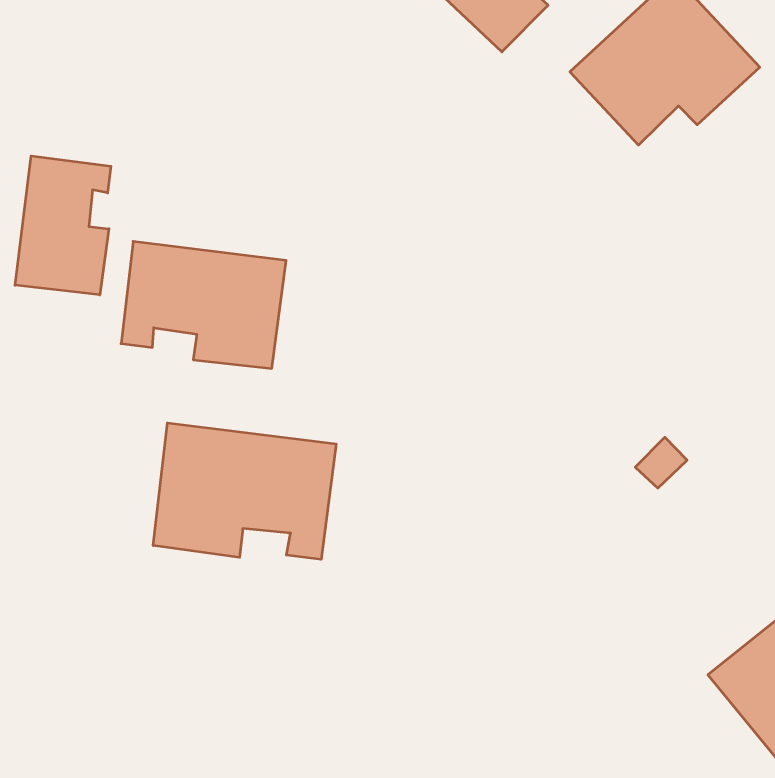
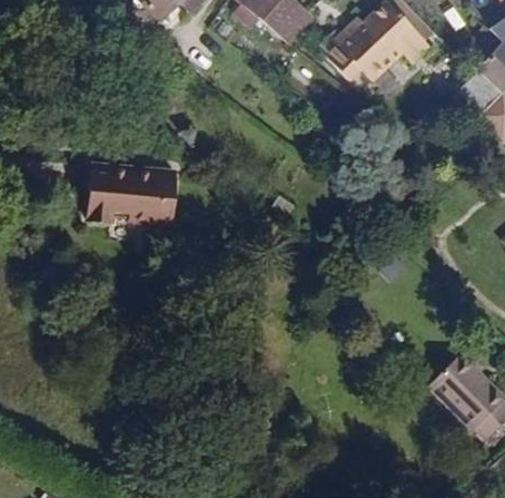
building: [15,156,111,295] -> none
building: [153,423,336,559] -> none

